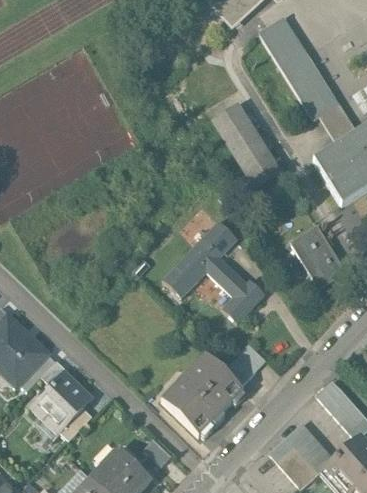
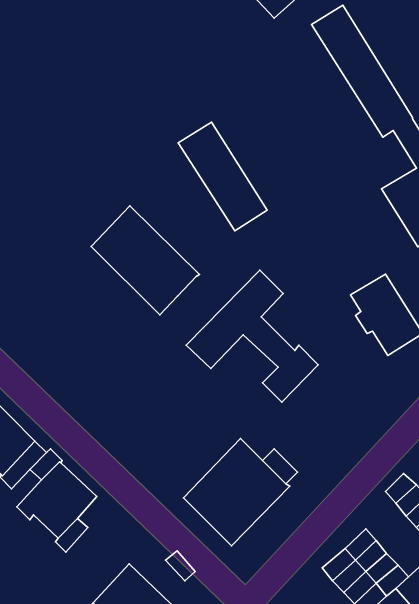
building: [211,104,280,188] -> [178,122,267,231]
building: none -> [91,206,200,315]
building: [230,343,265,378] -> none

